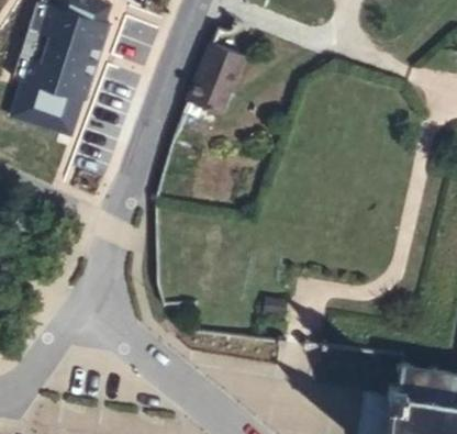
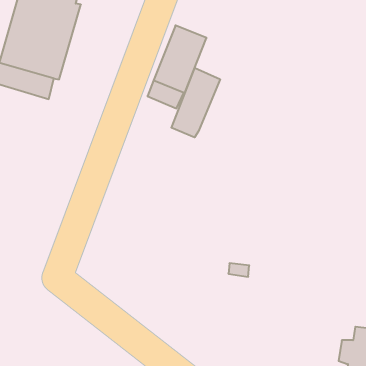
building: none -> [171,68,220,137]

